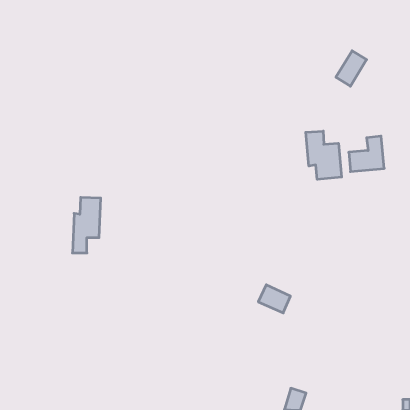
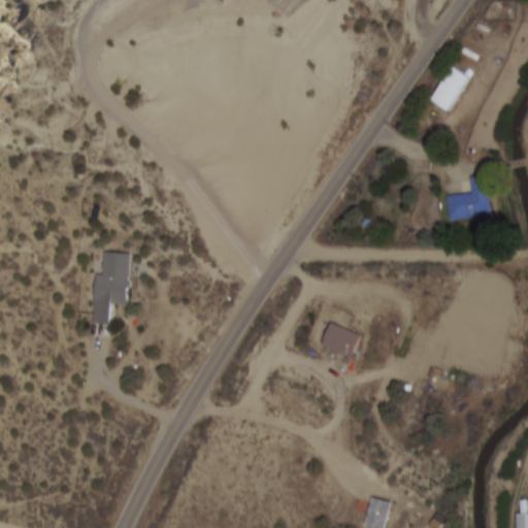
building: [306,131,342,179] -> none
building: [258,285,290,313] -> [321,323,362,359]

